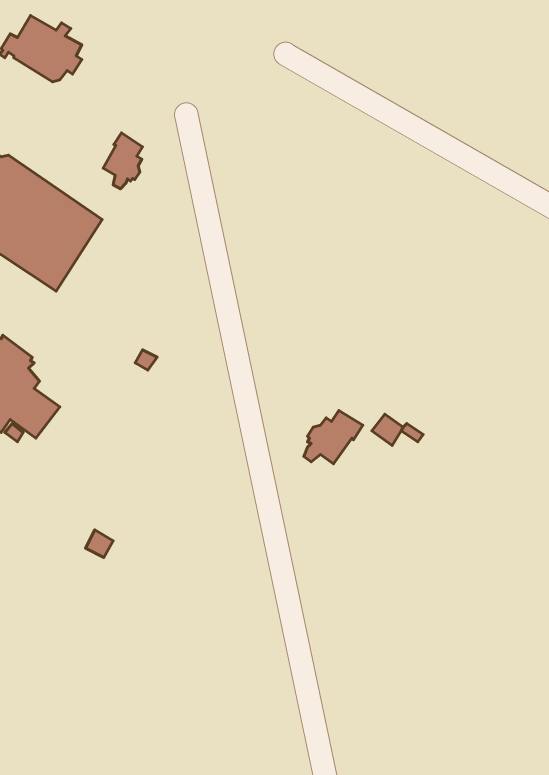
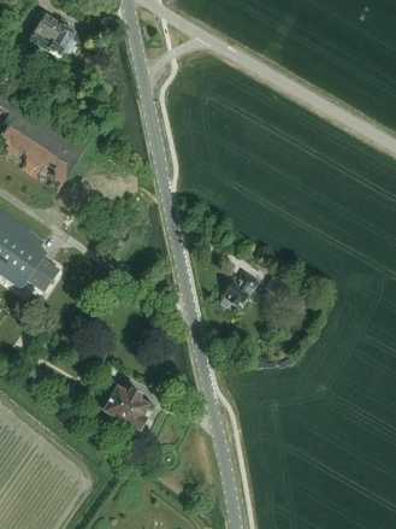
building: [103,133,143,189] -> none
building: none -> [105,384,150,433]

